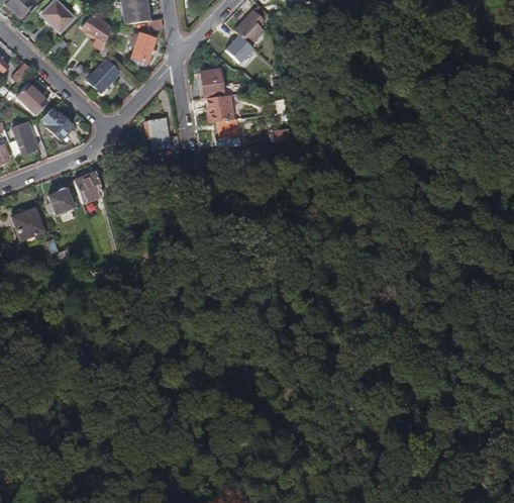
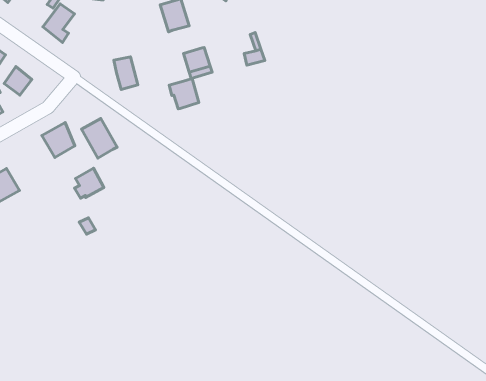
building: [208,96,233,122] -> [169,79,199,109]
building: none -> [82,118,117,158]
building: [46,188,74,214] -> [75,168,104,198]

